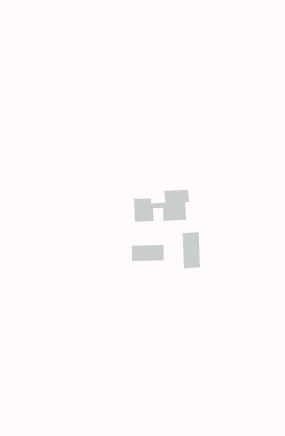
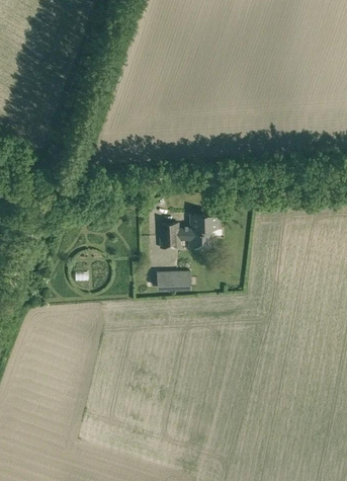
building: [182,231,201,269] -> none

